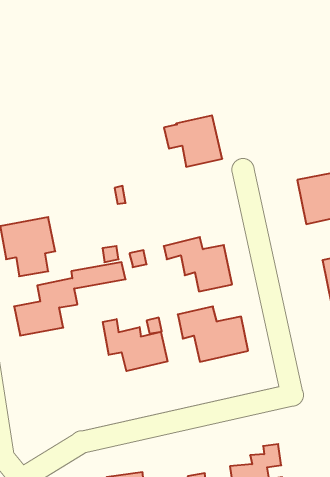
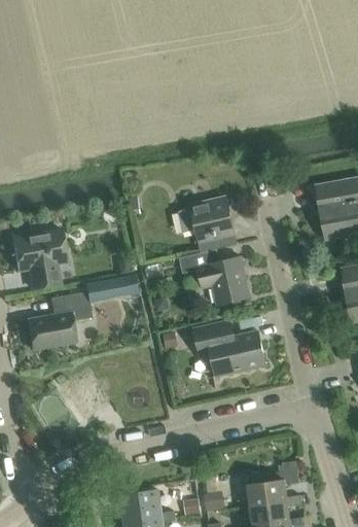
building: [164,115,222,167] -> [178,200,238,252]
building: [103,319,168,371] -> none

